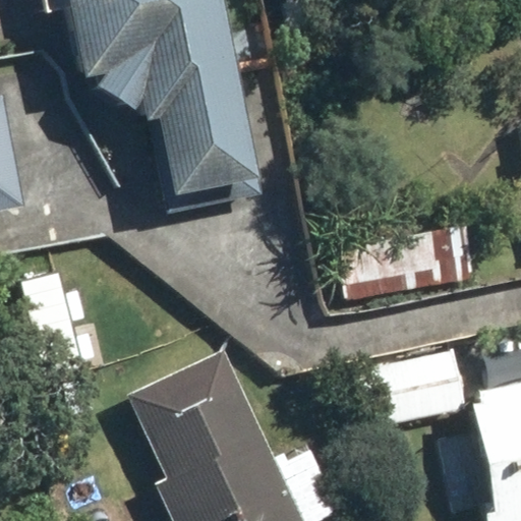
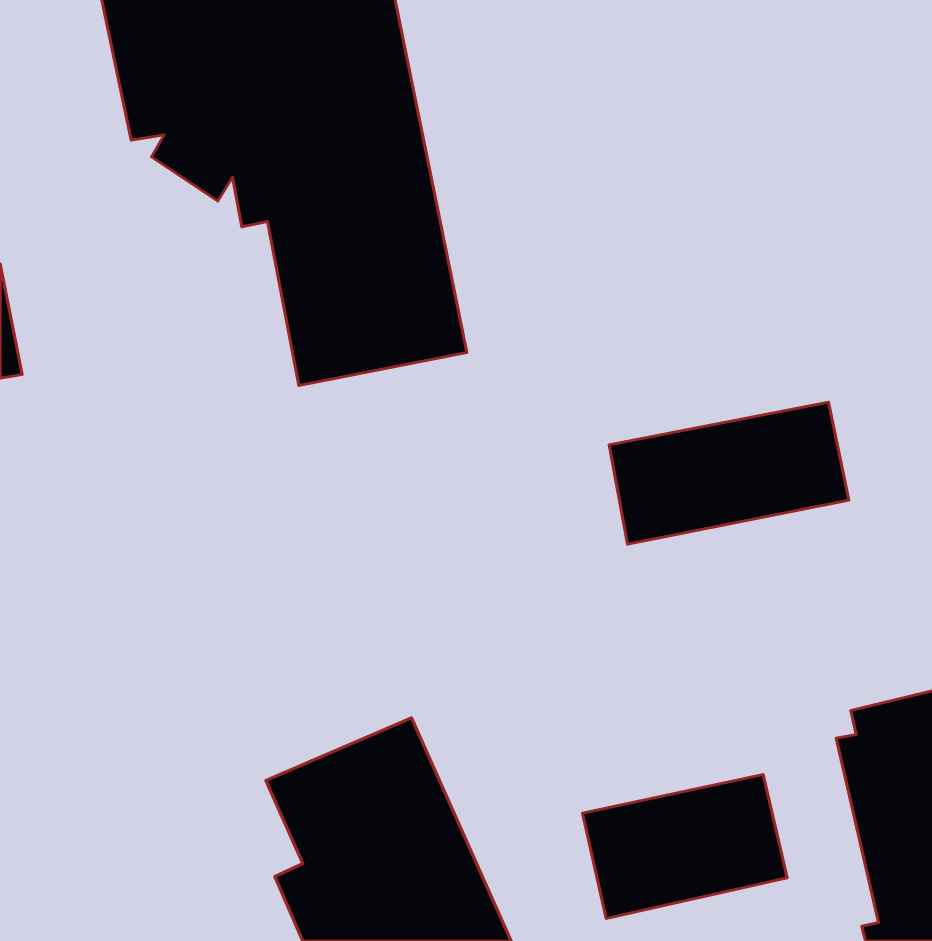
building: [354,348,467,427] -> [582,775,787,918]

